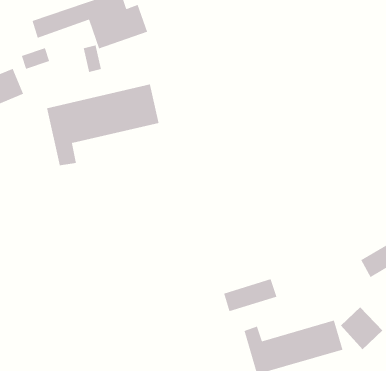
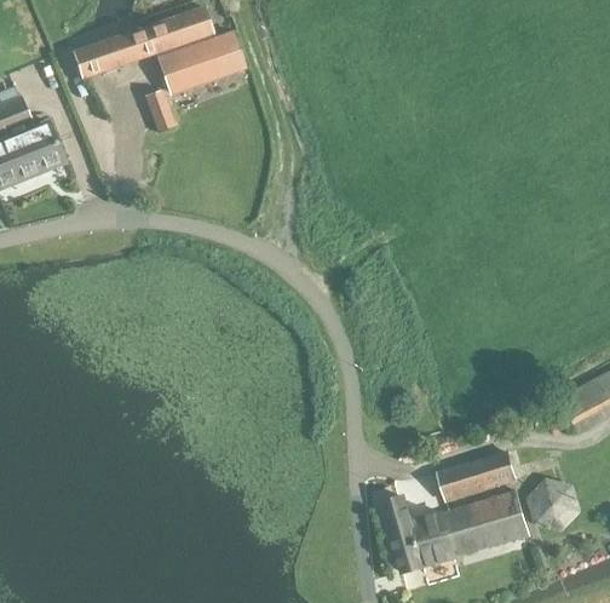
building: [21,47,50,70] -> none
building: [46,83,159,166] -> none
building: [223,278,278,312] -> [438,453,518,502]

